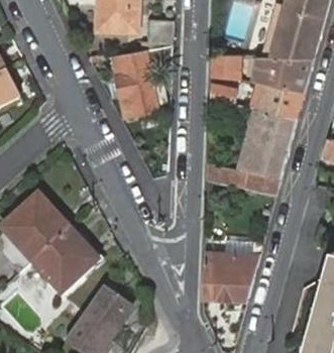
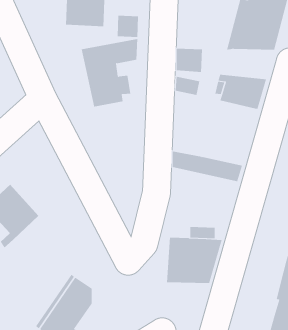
building: [254,53,314,85] -> none
building: [238,106,295,174] -> none
building: [32,227,98,293] -> none

